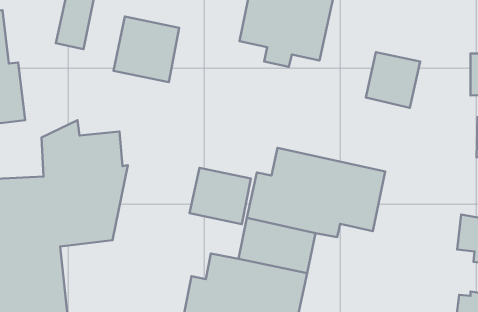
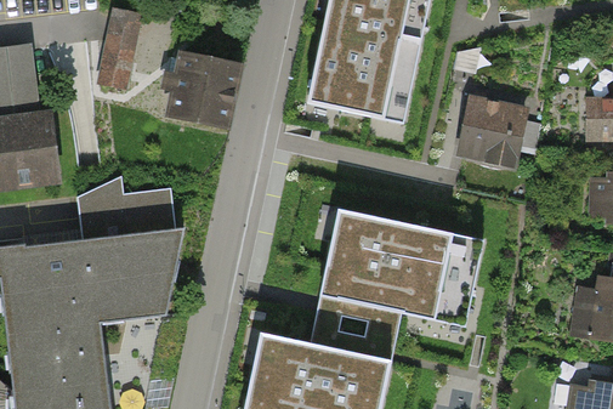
building: [189,168,251,224] -> none

